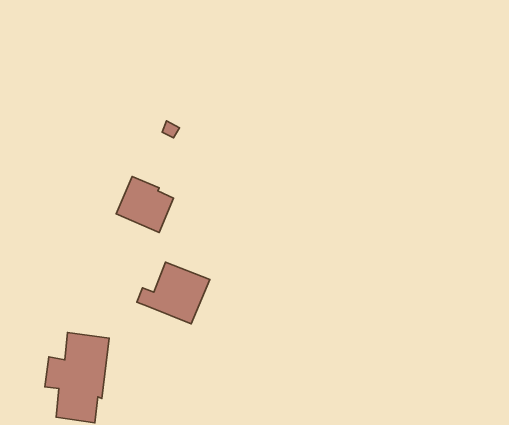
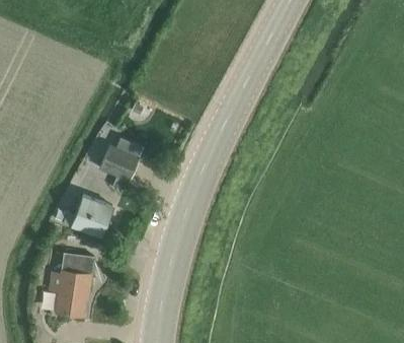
building: [137,262,210,324] -> [62,194,113,237]

